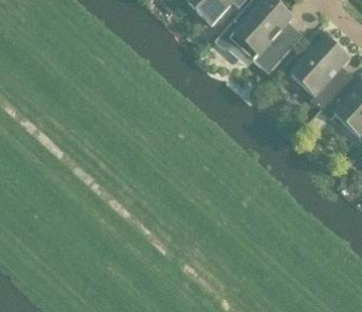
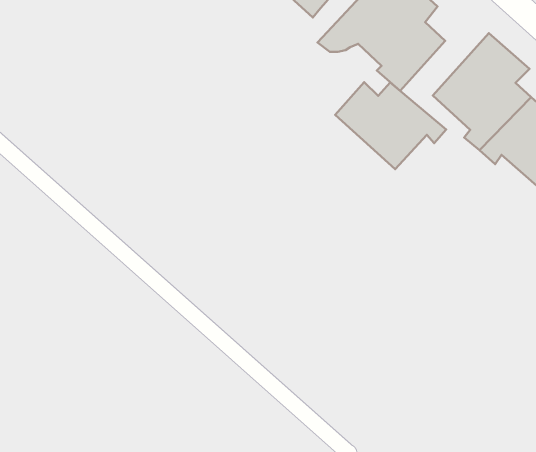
building: none -> [335,82,446,169]

